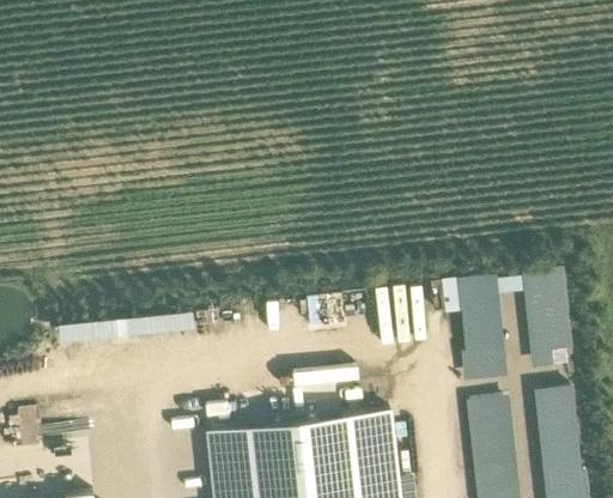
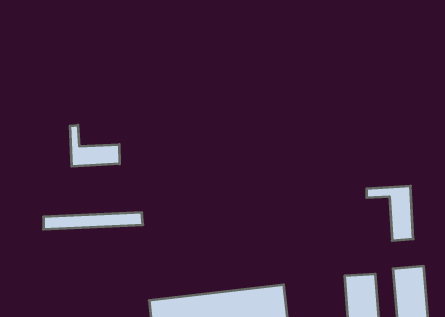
building: none -> [70,125,120,166]
building: [443,278,503,376] -> none

